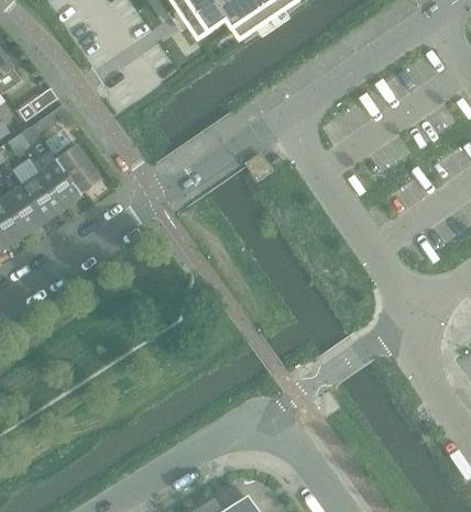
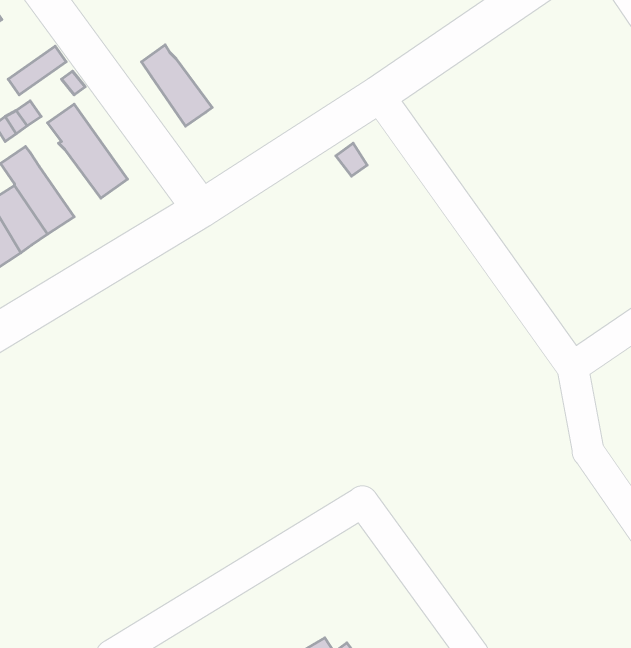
building: [32,149,81,207] -> [142,45,212,126]

